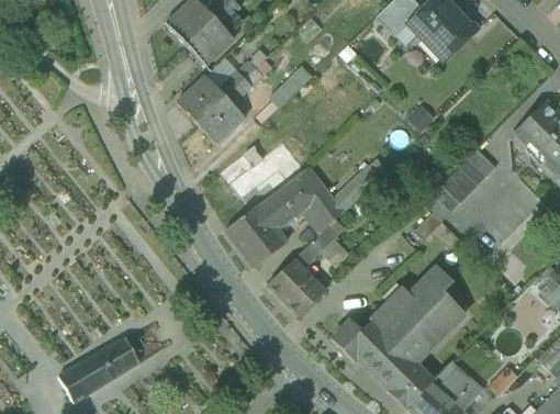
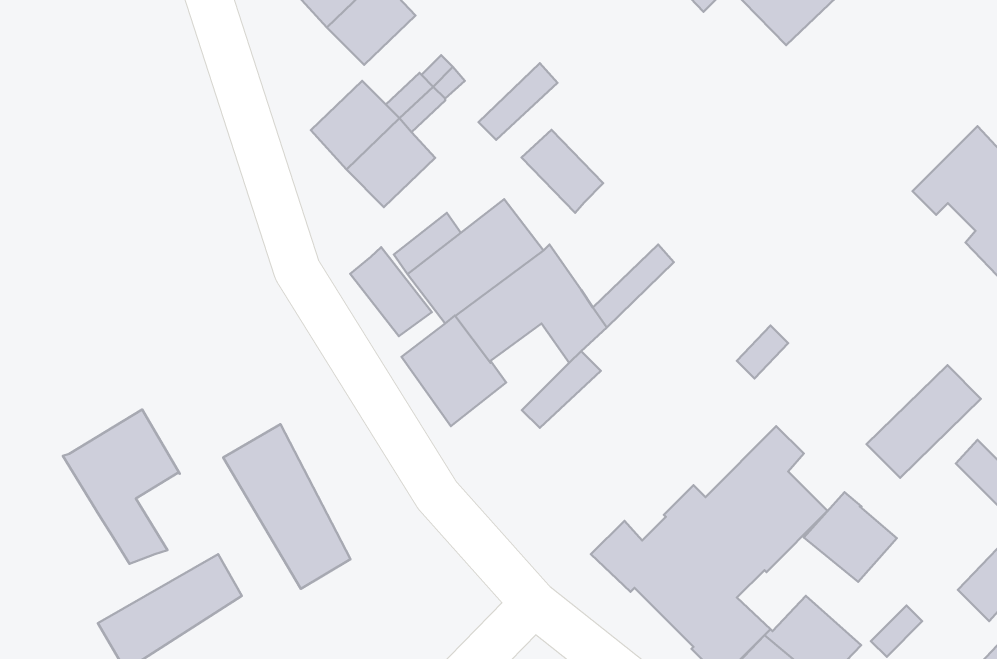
building: none -> [521,130,603,213]
building: [433,148,496,211] -> [866,365,981,478]
building: none -> [350,247,432,336]
building: none -> [63,410,180,564]
building: [268,258,326,316] -> none
building: none -> [223,424,351,589]
building: none -> [804,492,897,582]

